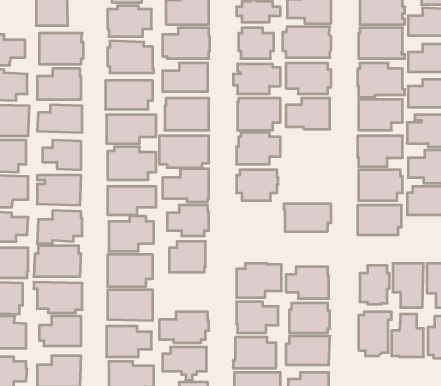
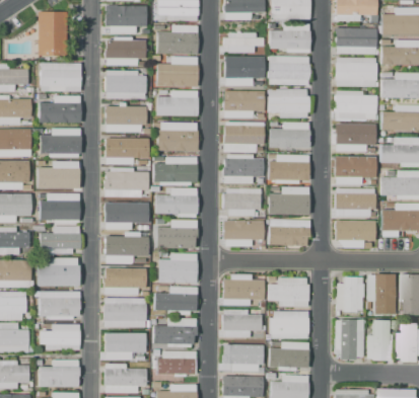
building: none -> [269,155,310,183]
building: none -> [269,187,309,215]
building: none -> [223,220,264,247]
building: none -> [154,287,197,315]

